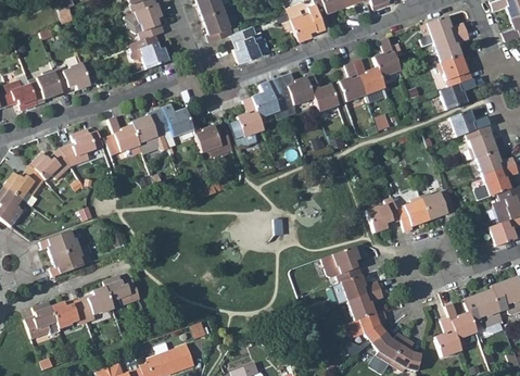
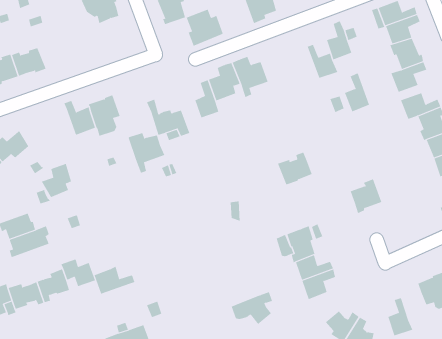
building: [131,35,168,71] -> none
building: [339,63,365,103] -> [344,73,370,112]
building: [307,77,339,113] -> none
building: [156,106,194,148] -> [128,133,165,173]
building: [62,129,93,164] -> [41,163,72,198]
building: [420,192,455,221] -> none
building: [365,199,401,233] -> [277,152,313,185]
building: none -> [94,266,135,295]
building: [444,303,475,340] -> none
building: [344,309,386,342] -> [231,292,273,325]

